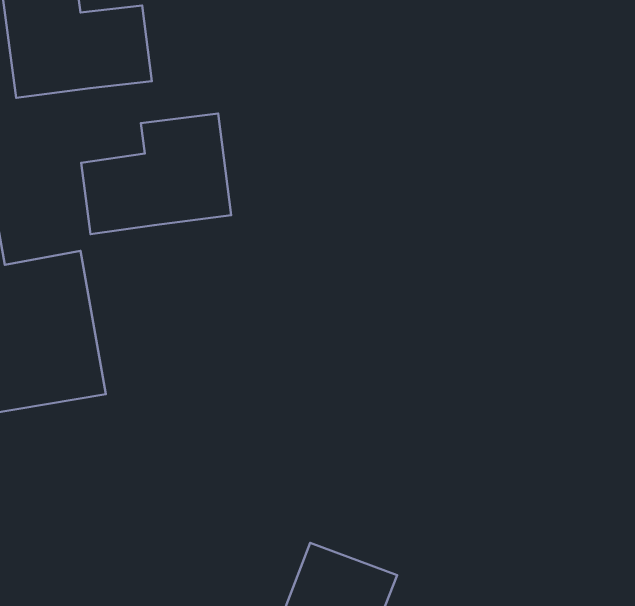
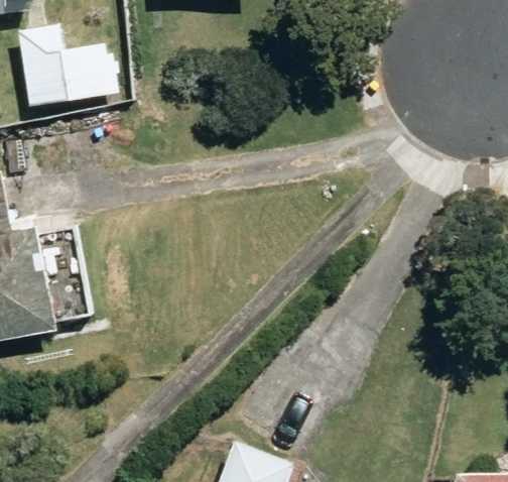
building: [81,113,231,234] -> none

